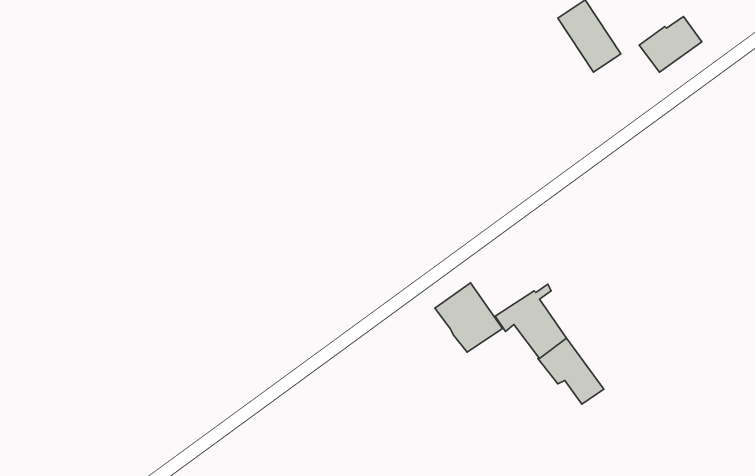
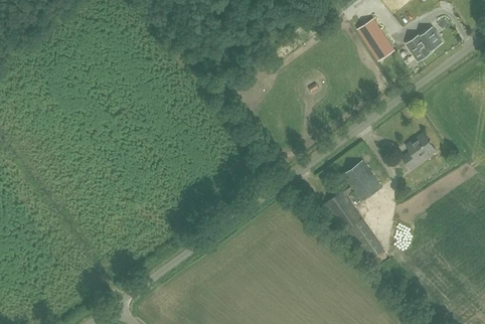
building: none -> [402,134,433,168]
building: [435,283,503,352] -> [342,159,382,200]

